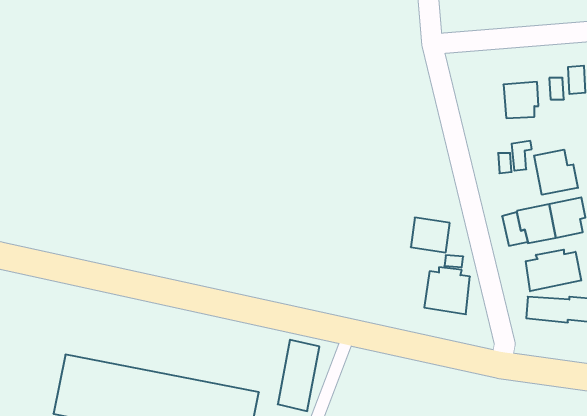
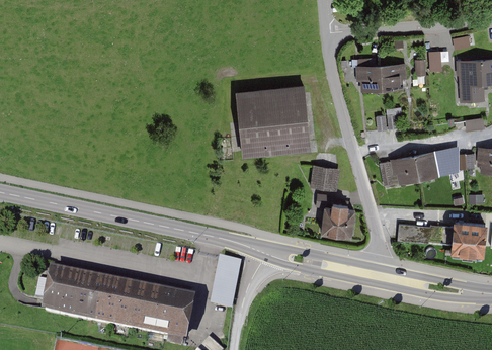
building: none -> [356,65,383,91]
building: none -> [236,84,312,157]
building: [534,150,578,195] -> none
building: [526,250,581,291] -> none

